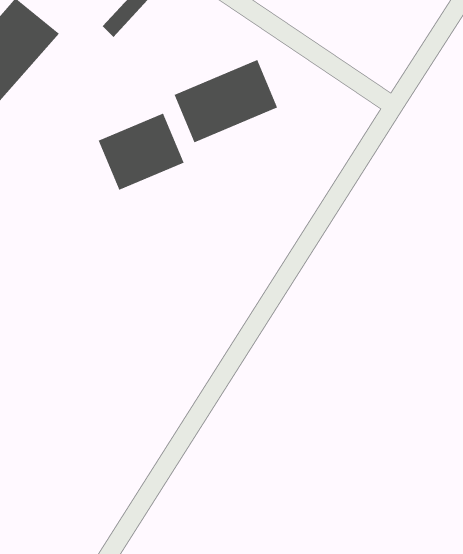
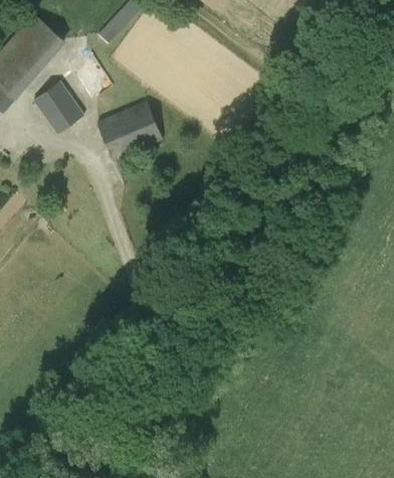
building: [174,59,278,143] -> none
building: none -> [31,82,82,133]

